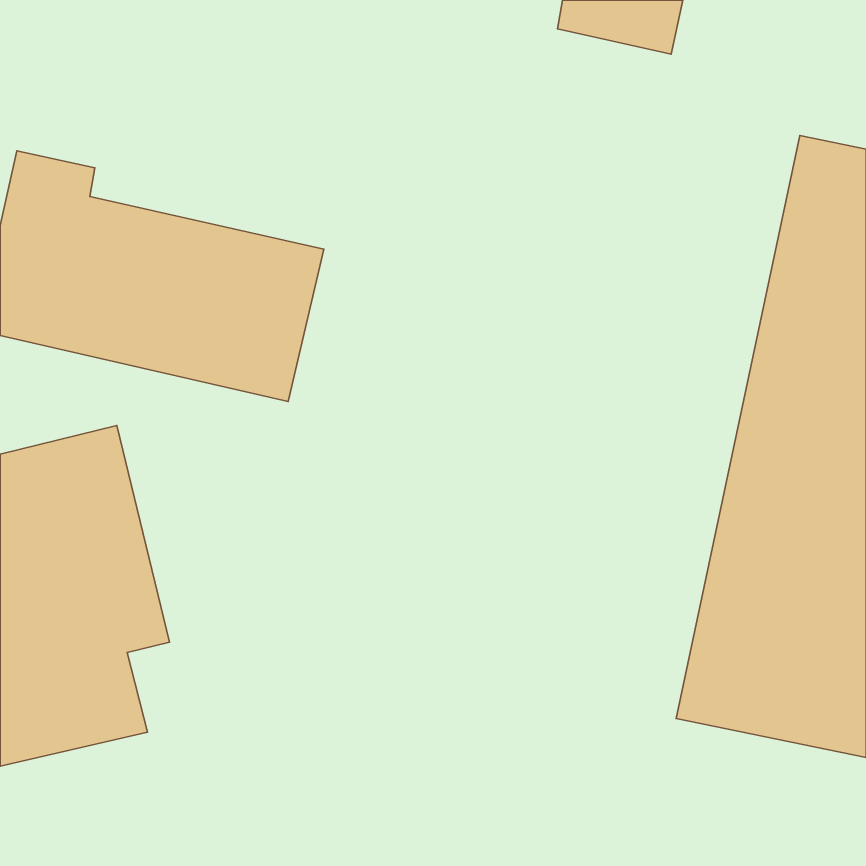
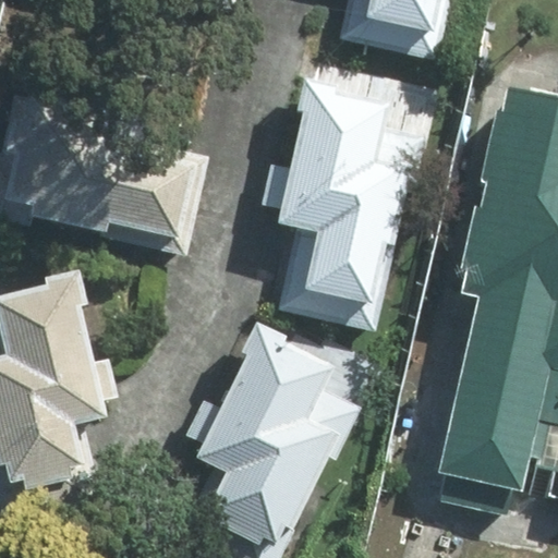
building: none -> [277,80,414,330]
building: none -> [185,323,367,549]

